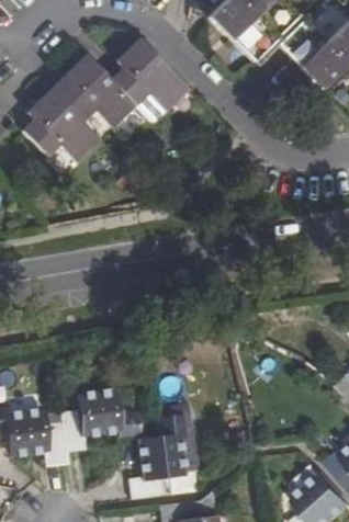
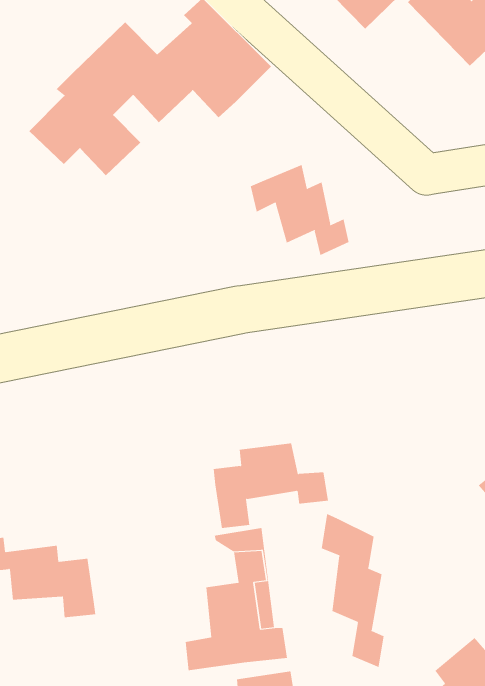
building: none -> [250,164,349,256]
building: none -> [321,513,384,668]
building: [63,392,142,450] -> [213,443,329,528]

